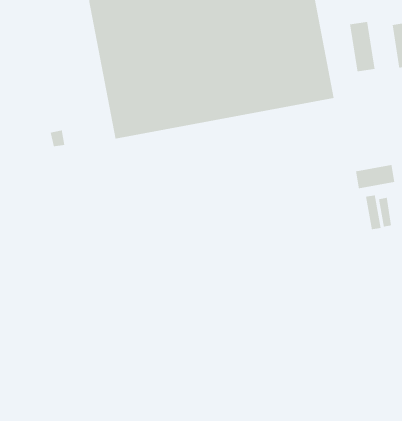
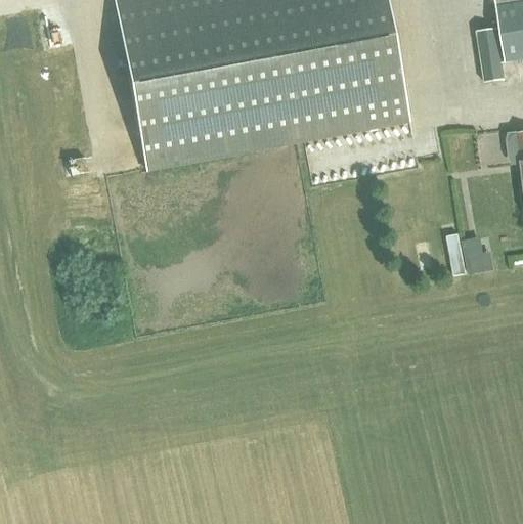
building: [349,21,375,72] -> none
building: [355,164,395,189] -> none

